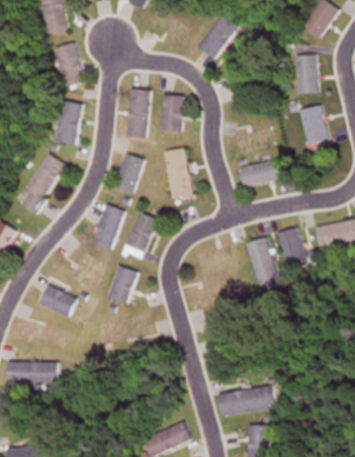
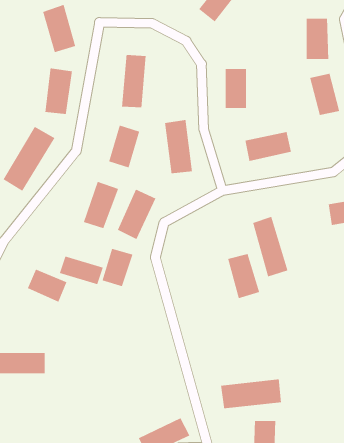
building: [162,94,182,131] -> [225,68,247,109]
building: [277,227,307,270] -> [227,253,260,299]
building: none -> [59,255,104,285]

